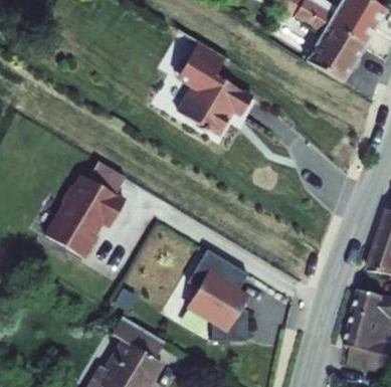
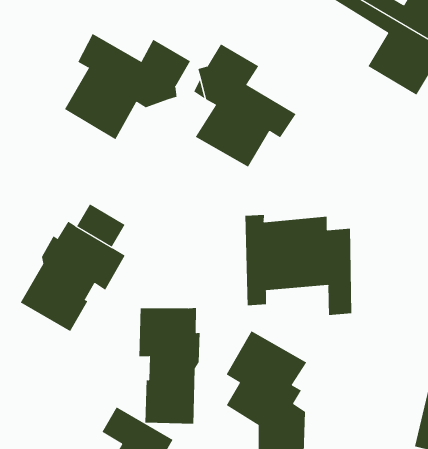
building: none -> [64,33,191,140]
building: none -> [245,214,352,316]
building: none -> [139,307,200,424]

